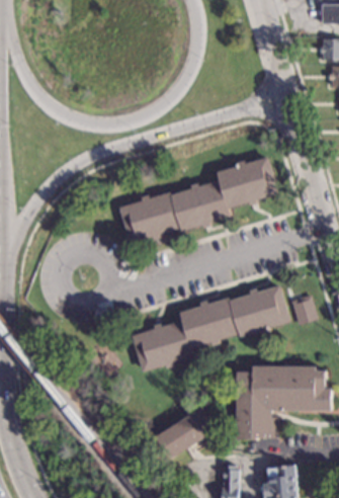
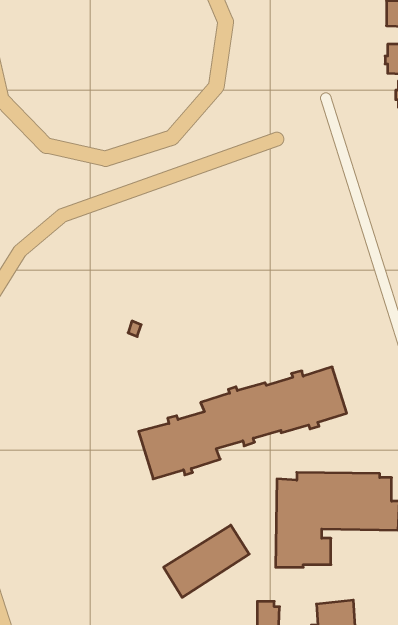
building: [119,157,279,243] -> none
building: [291,295,319,325] -> none

